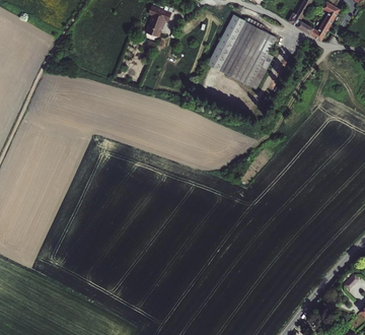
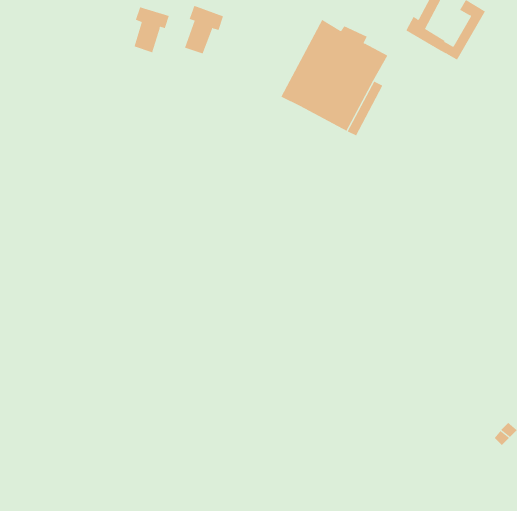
building: none -> [134,7,169,53]

